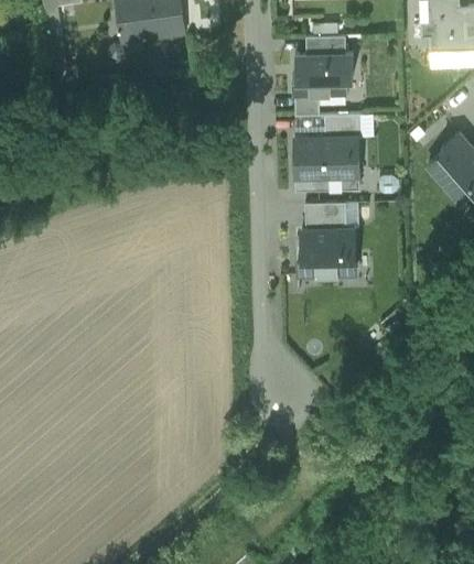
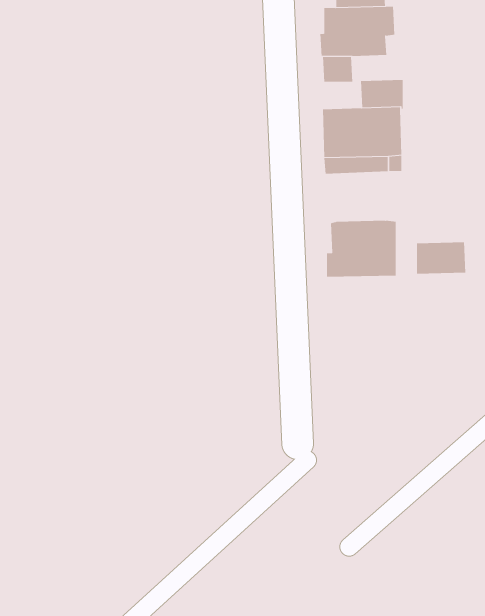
building: [305,202,346,228] -> [416,242,466,274]

